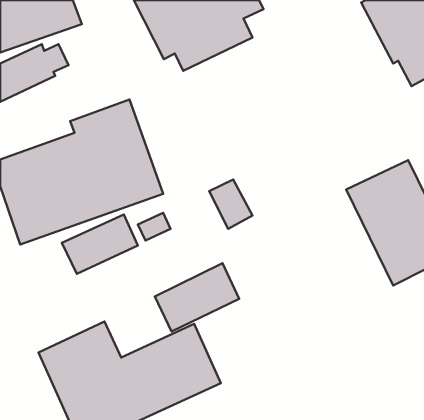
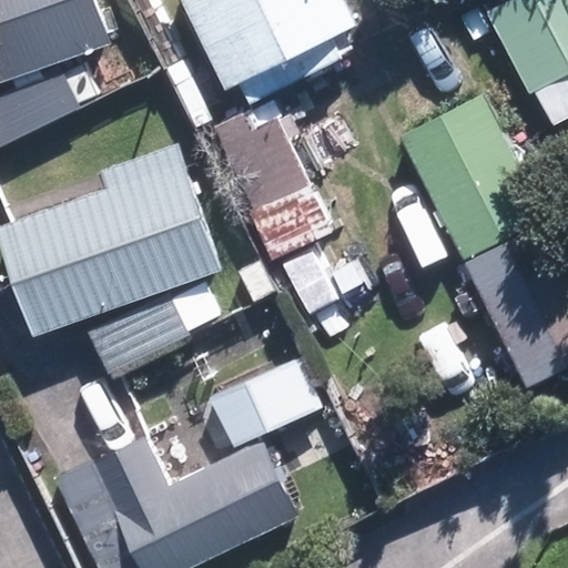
building: none -> [398,92,544,260]
building: none -> [213,106,334,260]

